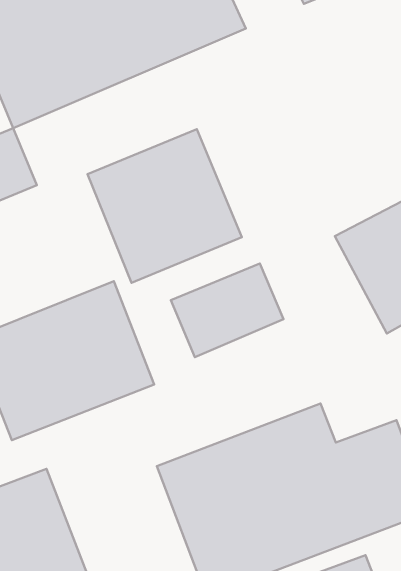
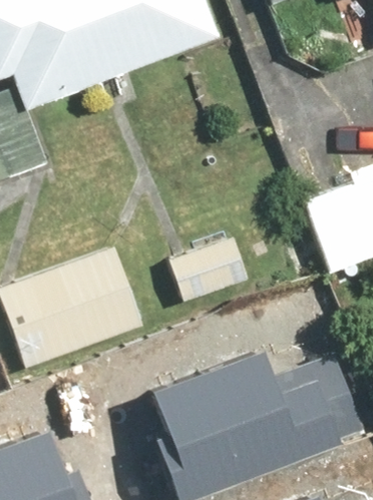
building: [88,129,242,283] -> none

